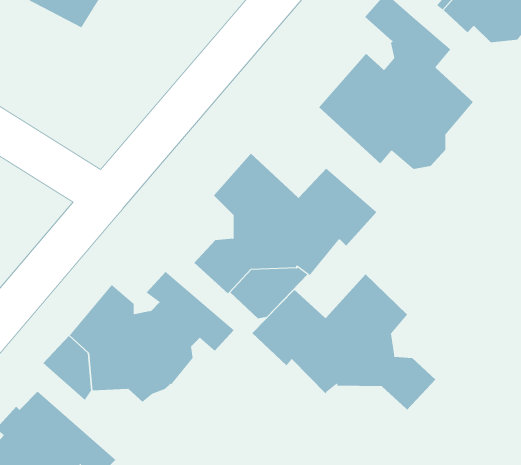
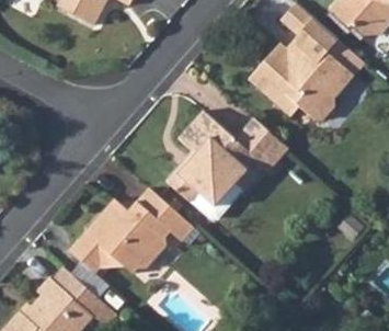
building: [251,274,436,410] -> none

